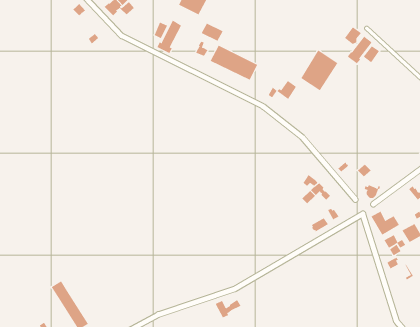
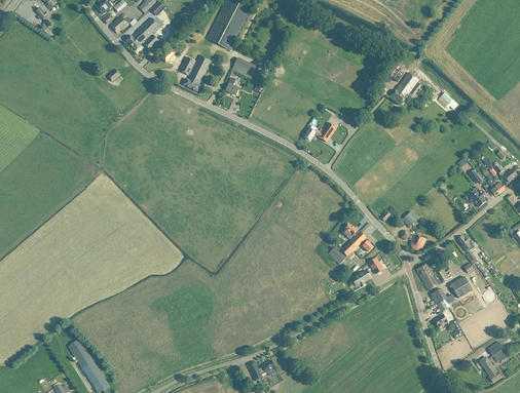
building: [210,45,258,80] -> none
building: [300,49,338,91] -> none

